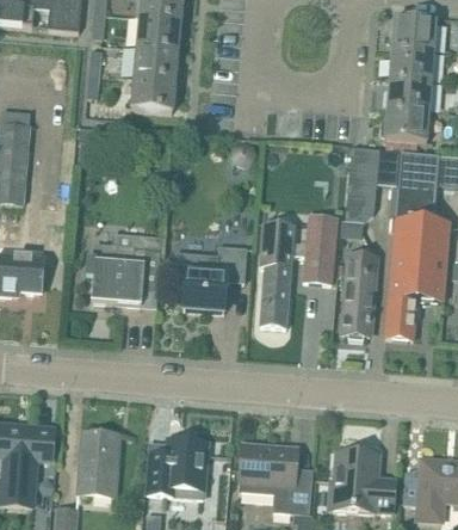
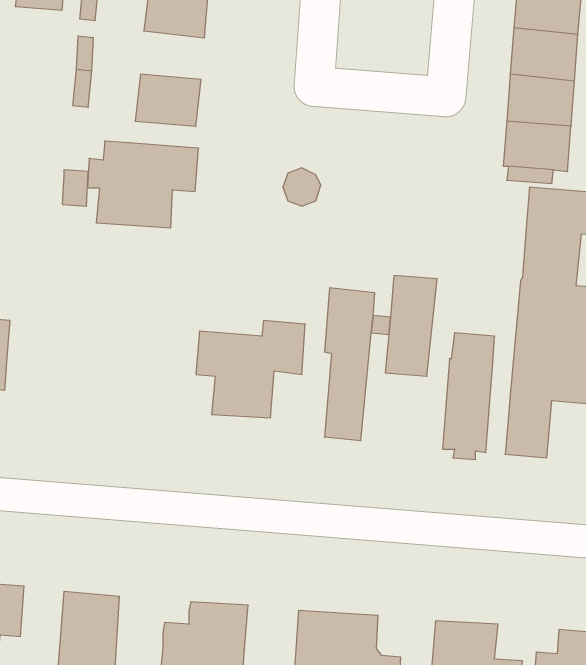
building: [134,44,178,78] -> none
building: [346,147,401,220] -> none
building: [85,244,161,303] -> [87,141,199,228]

